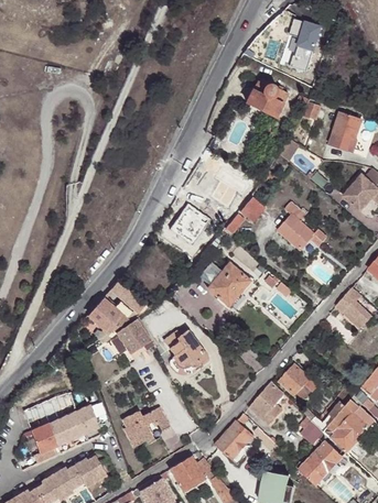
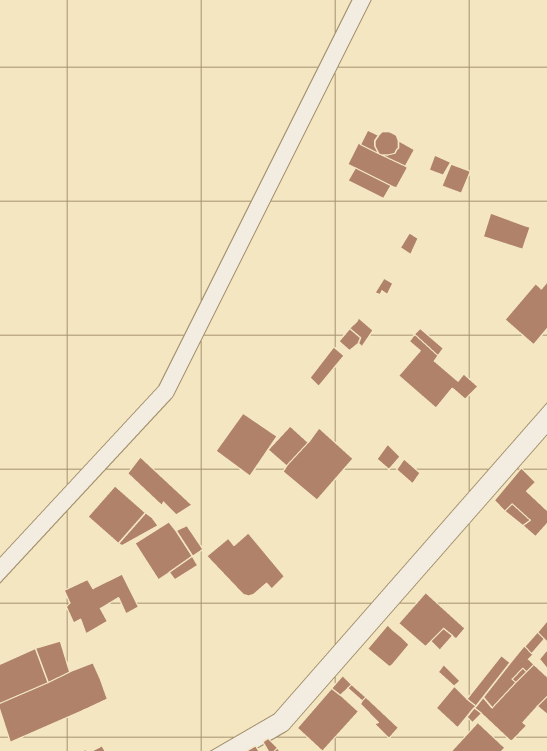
building: [289,19,321,73] -> none
building: [333,113,360,139] -> none
building: [172,205,209,243] -> [216,413,277,476]
building: [247,396,280,427] -> none
building: [123,408,169,445] -> [64,574,138,634]

